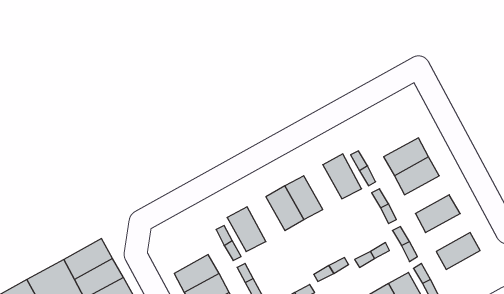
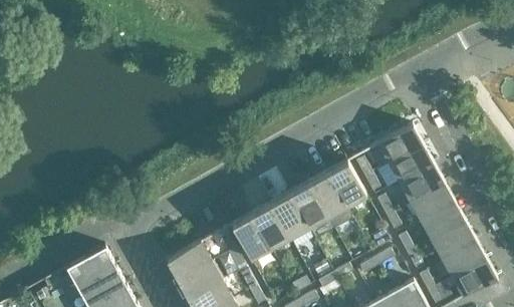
building: none -> [377,124,424,164]
building: none -> [308,172,346,217]
building: none -> [410,183,455,221]
building: none -> [251,204,289,249]
building: none -> [431,221,476,259]
building: none -> [167,242,212,281]
building: none -> [452,258,497,297]

